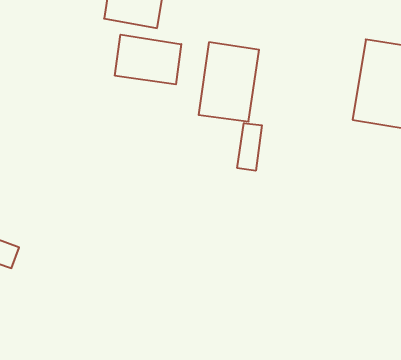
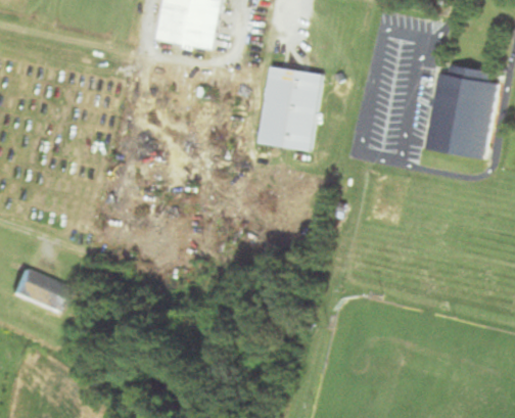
building: [115,35,181,84] -> none
building: [237,123,262,171] -> none

